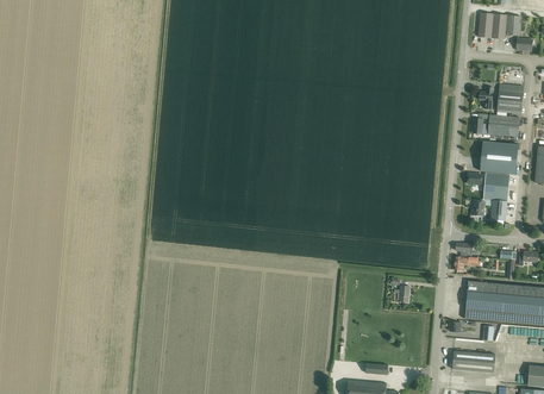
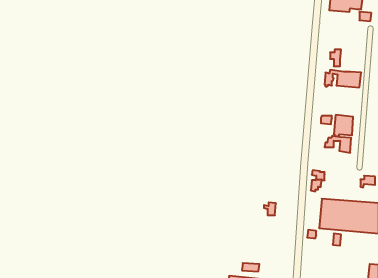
building: [498,89,524,117] -> none
building: [481,142,519,174] -> none
building: [454,351,495,373] -> none

